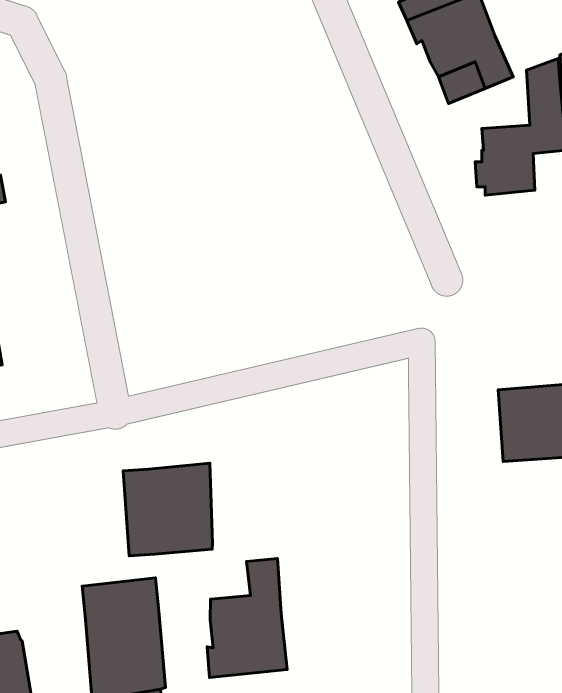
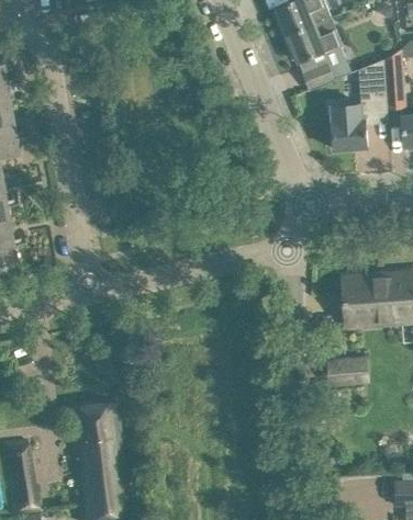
building: [123,463,213,556] -> none
building: none -> [330,359,369,382]
building: [207,559,287,677] -> none

